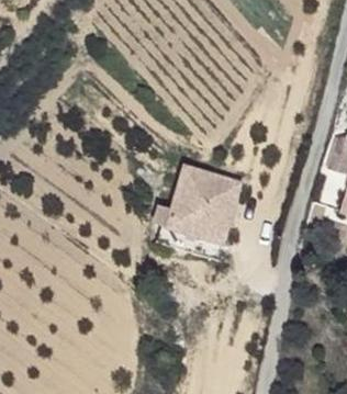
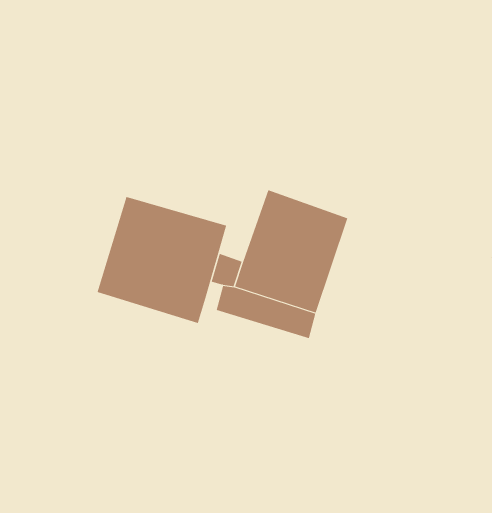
building: none -> [97,196,227,324]

